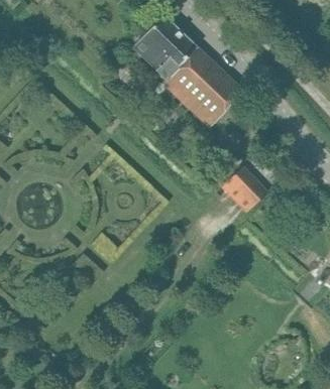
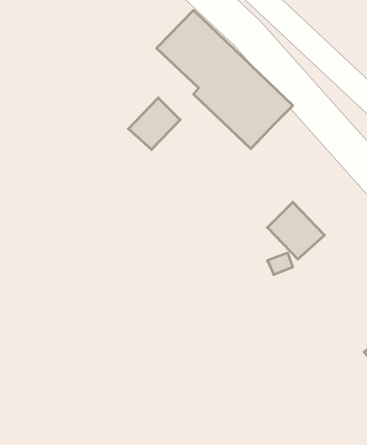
building: none -> [128,98,180,150]

